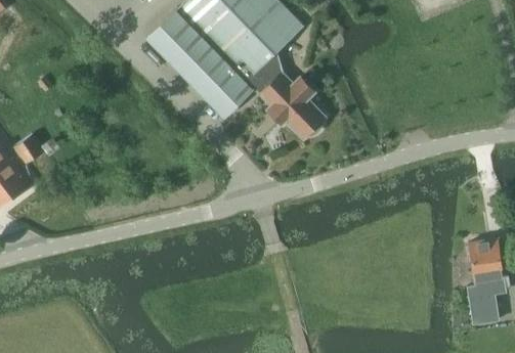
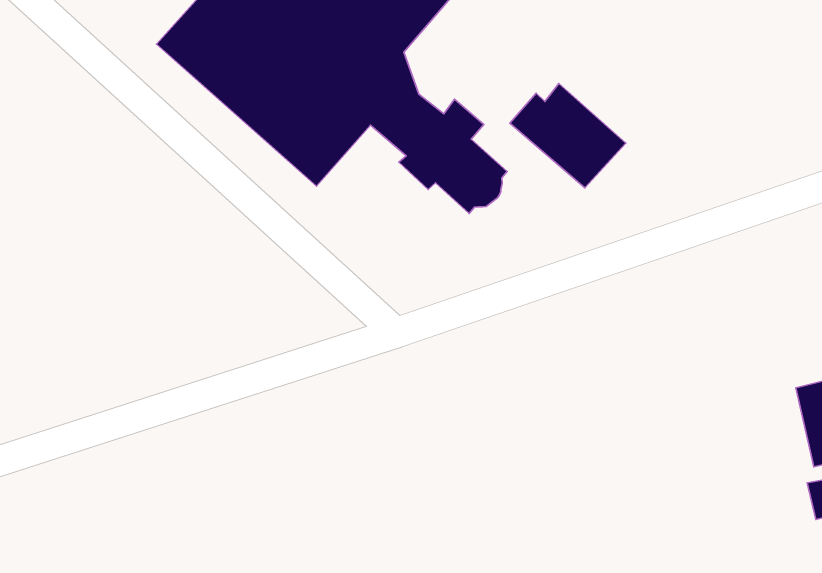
building: none -> [510,83,626,188]

